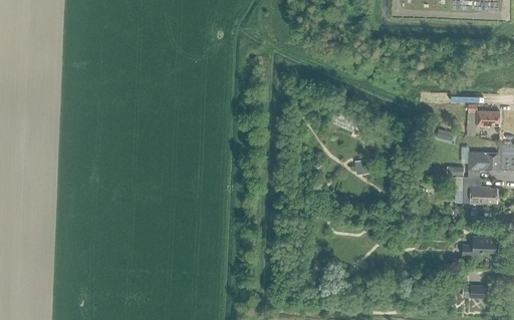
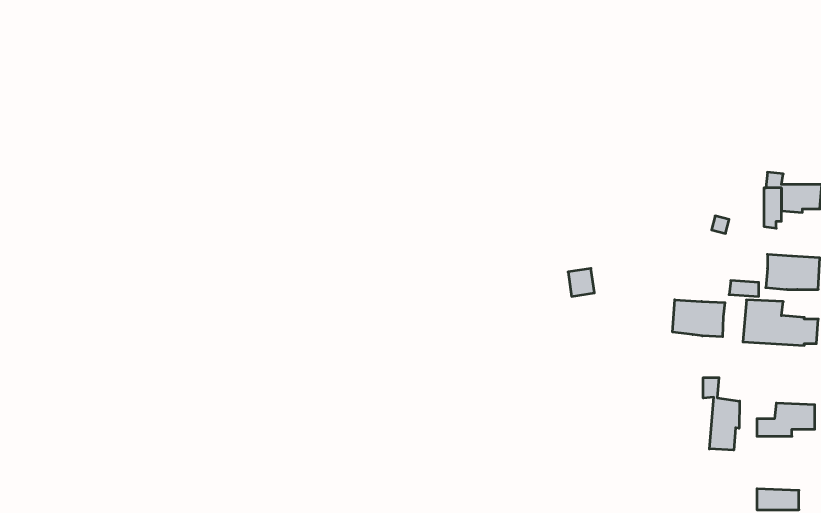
building: none -> [673,300,725,337]
building: none -> [703,378,740,450]

